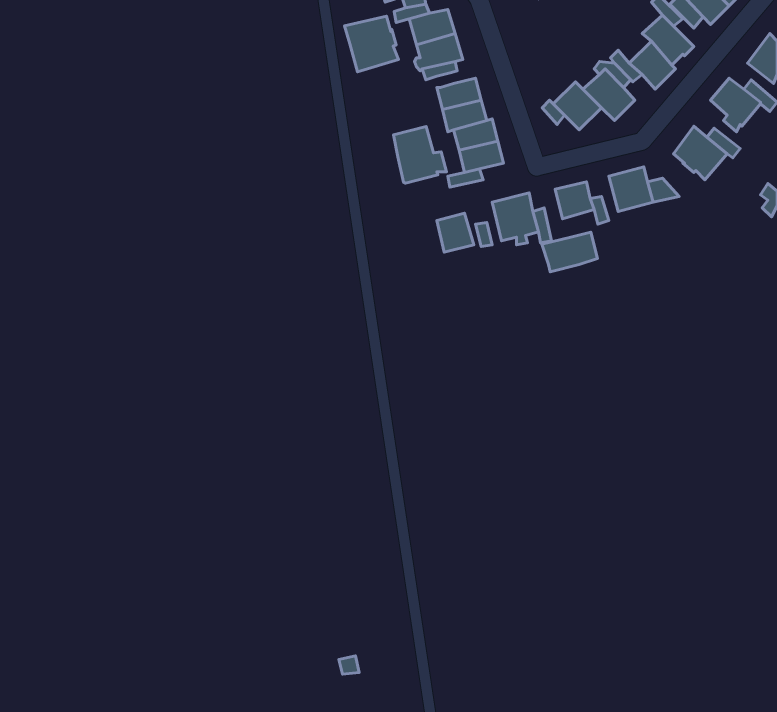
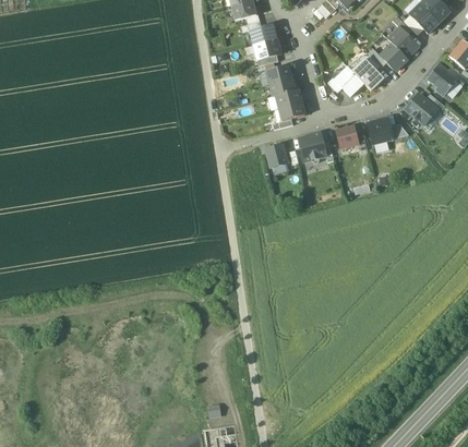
building: [344,16,398,72] -> none
building: [394,127,447,183] -> none
building: [542,232,598,272] -> none

